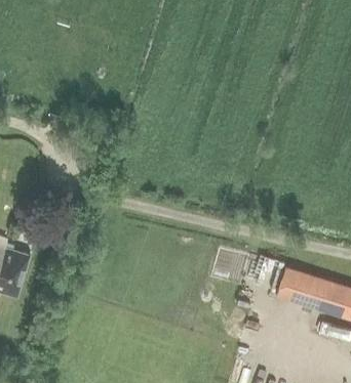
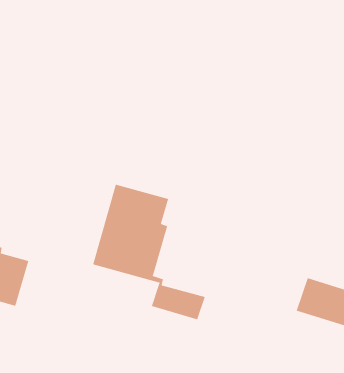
building: none -> [93,184,205,320]

